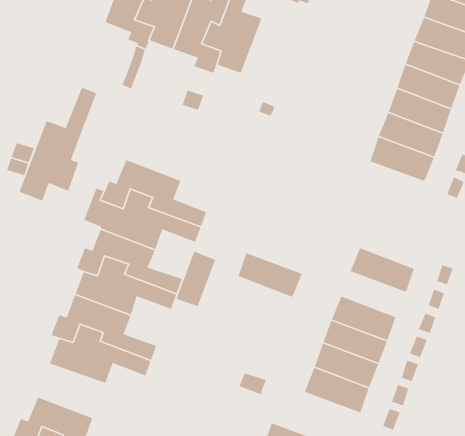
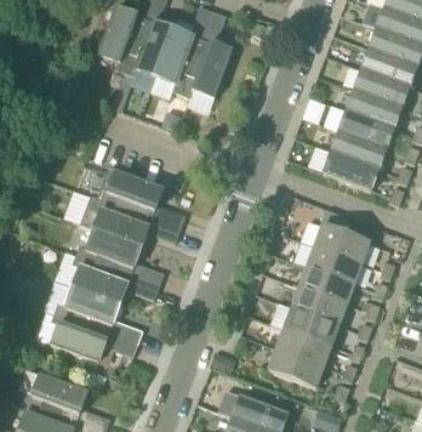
building: [19,87,97,202] -> none
building: none -> [314,209,369,263]
building: [175,251,216,307] -> none
building: [237,252,303,298] -> [298,266,354,305]

